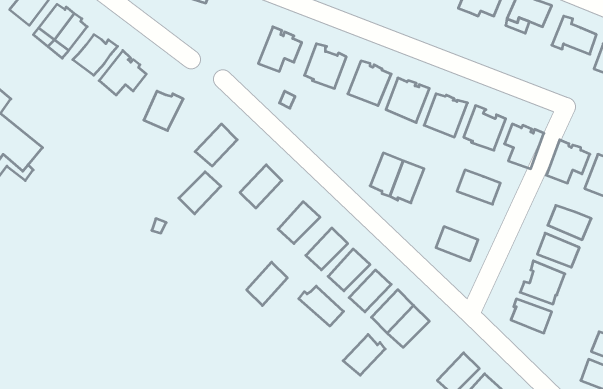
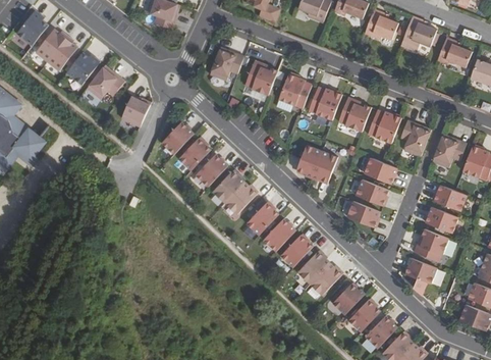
building: [179,172,221,214] -> [178,138,211,170]
building: none -> [356,178,389,205]
building: [247,262,287,306] -> [213,169,244,203]
building: [299,286,344,326] -> none
building: [343,334,385,375] -> [332,282,365,314]

